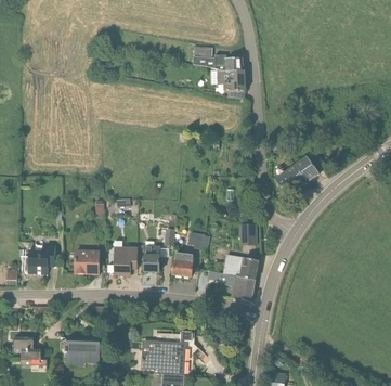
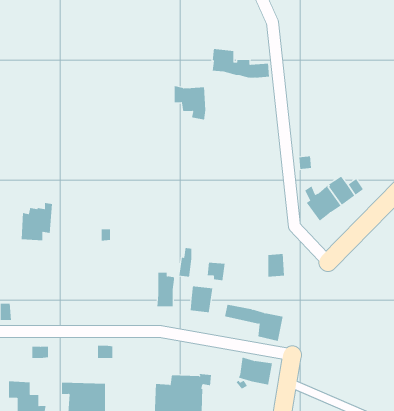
building: [217,68,245,99] -> [174,85,206,120]
building: [28,240,56,273] -> [21,203,53,241]
building: [114,240,138,274] -> none
building: [75,249,100,273] -> none
building: [229,255,259,280] -> [238,357,273,385]

